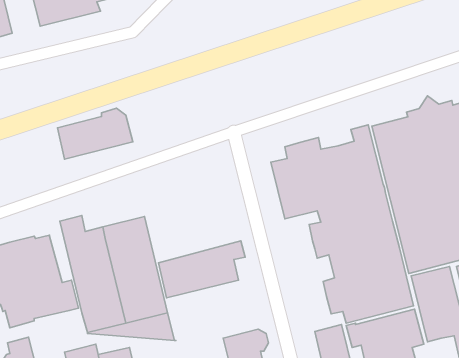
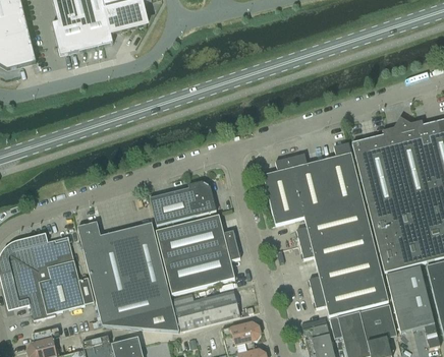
building: [57,108,133,159] -> [150,179,216,224]
building: none -> [156,214,236,261]
building: none -> [172,289,240,330]

